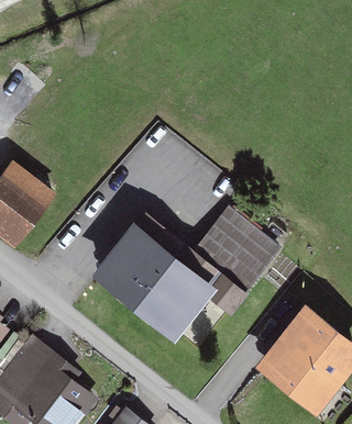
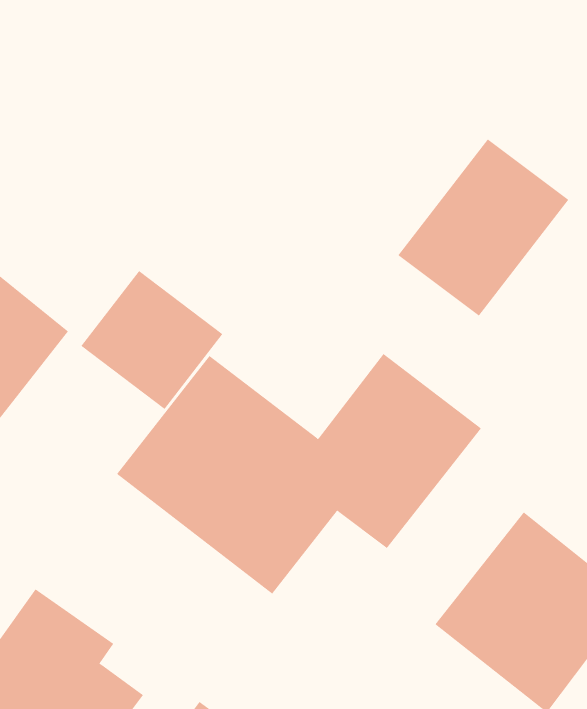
building: none -> [397,139,569,317]
building: none -> [80,270,223,410]

